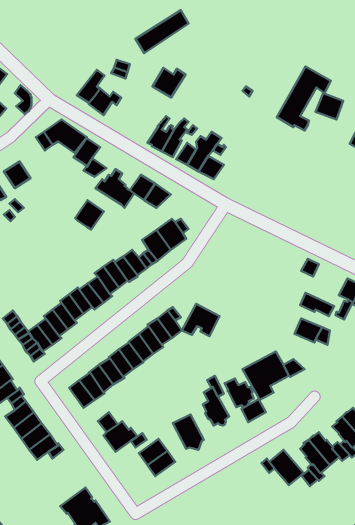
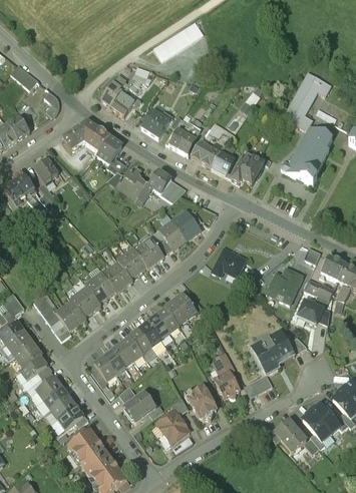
building: [152,68,186,98] -> [141,110,171,137]
building: none -> [280,125,332,185]
building: none -> [231,151,264,184]
building: [75,200,104,229] -> none
building: none -> [319,256,346,281]
building: none -> [266,268,303,305]
building: [182,304,219,336] -> [212,248,246,277]
building: [224,378,254,407] -> none
building: none -> [67,429,108,471]

